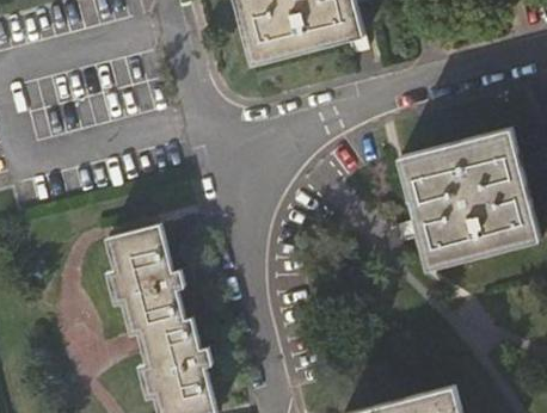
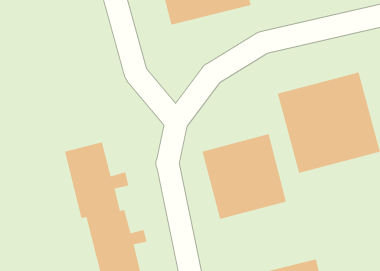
building: none -> [202,133,287,220]

